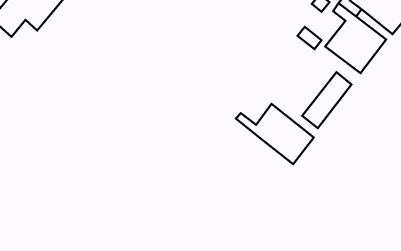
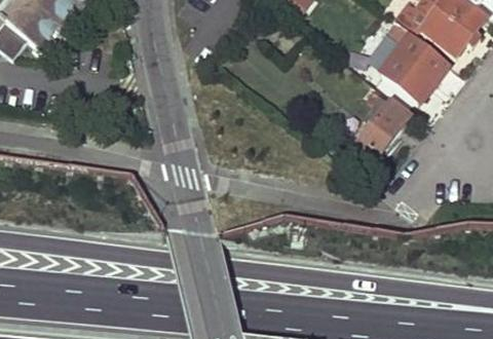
building: [236,104,314,164] -> none

